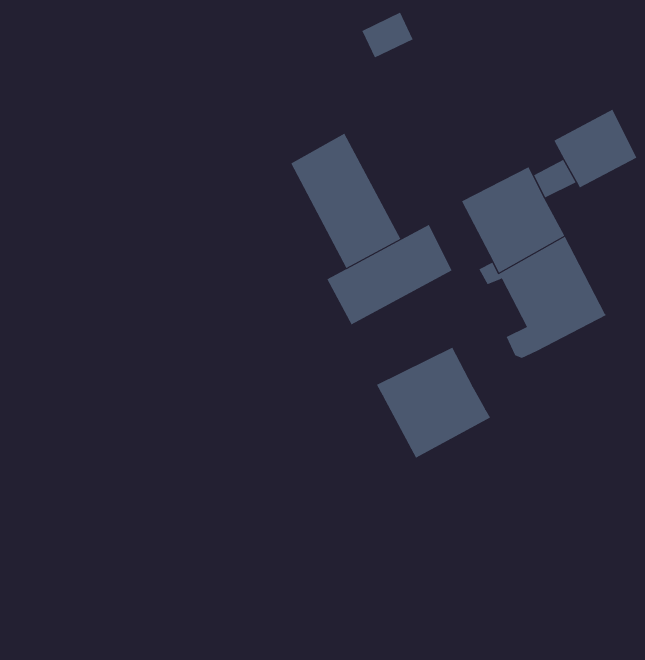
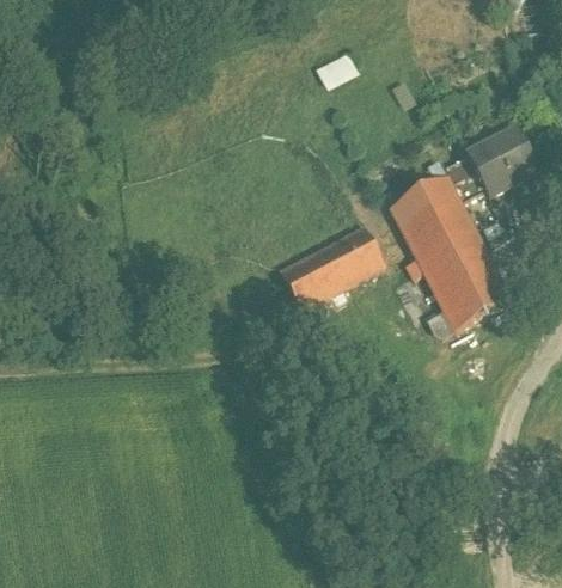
building: [291,133,401,269] -> none
building: [376,347,491,459] -> none

